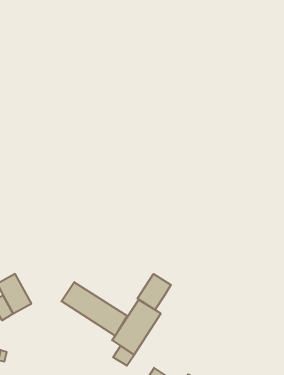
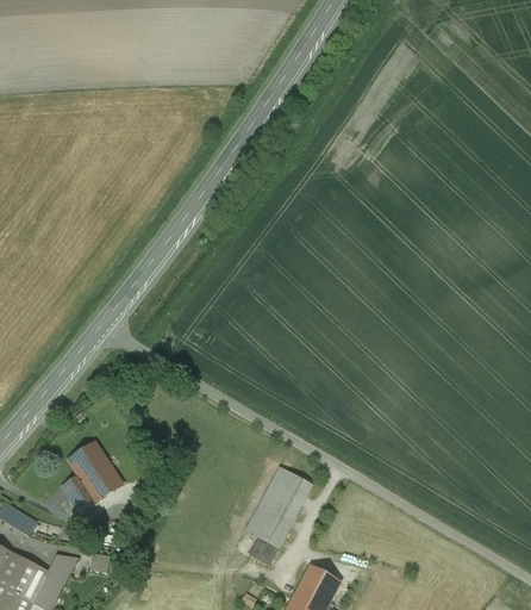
building: [138,274,171,310] -> none
building: [61,282,127,336] -> none

